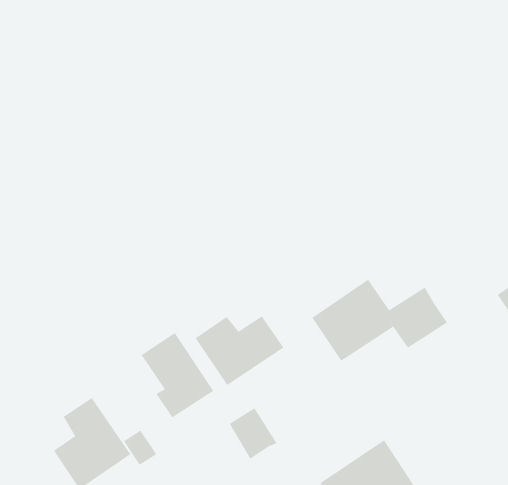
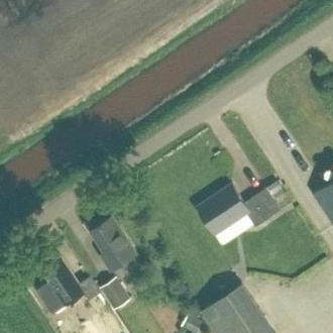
building: [195,315,284,386] -> none
building: [229,407,278,459] -> [101,275,131,308]

